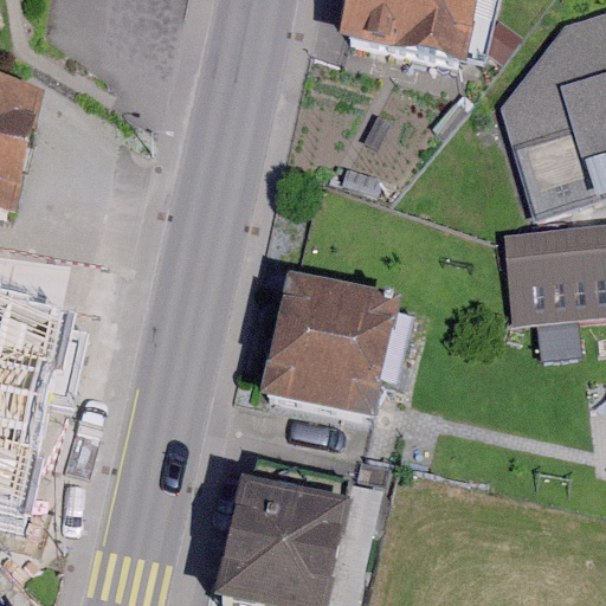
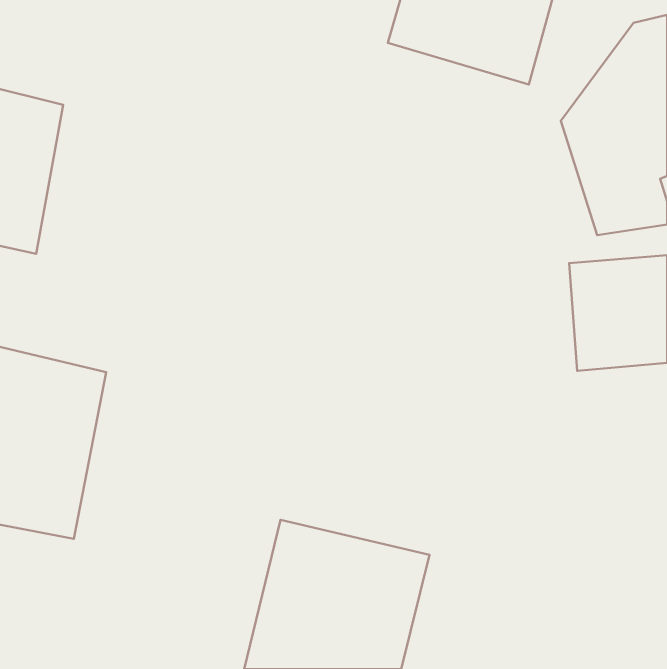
building: [264,277,408,420] -> none

